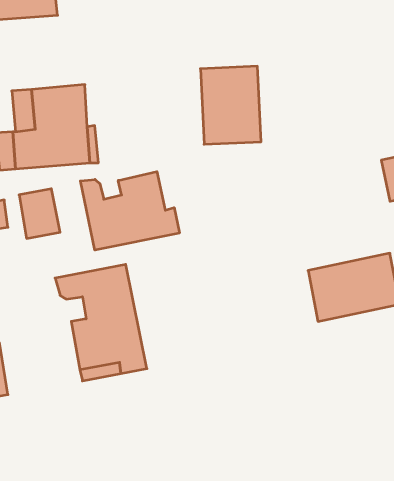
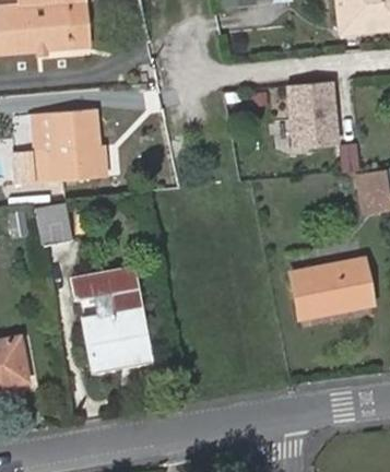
building: [200,66,261,144] -> [286,81,340,150]
building: [80,172,179,250] -> none

